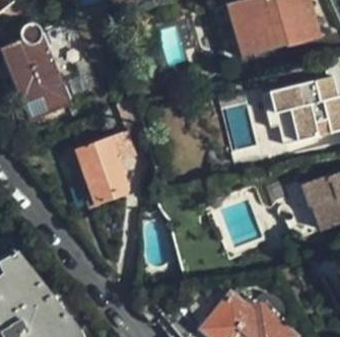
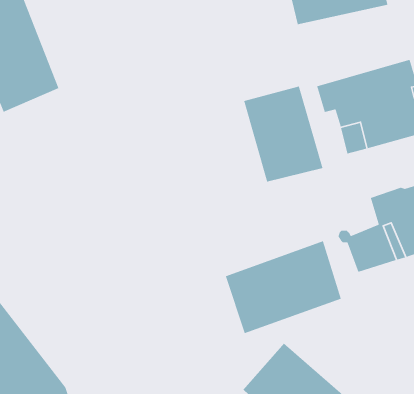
building: none -> [243,86,323,183]
building: [67,132,134,207] -> none
building: none -> [225,240,342,334]

